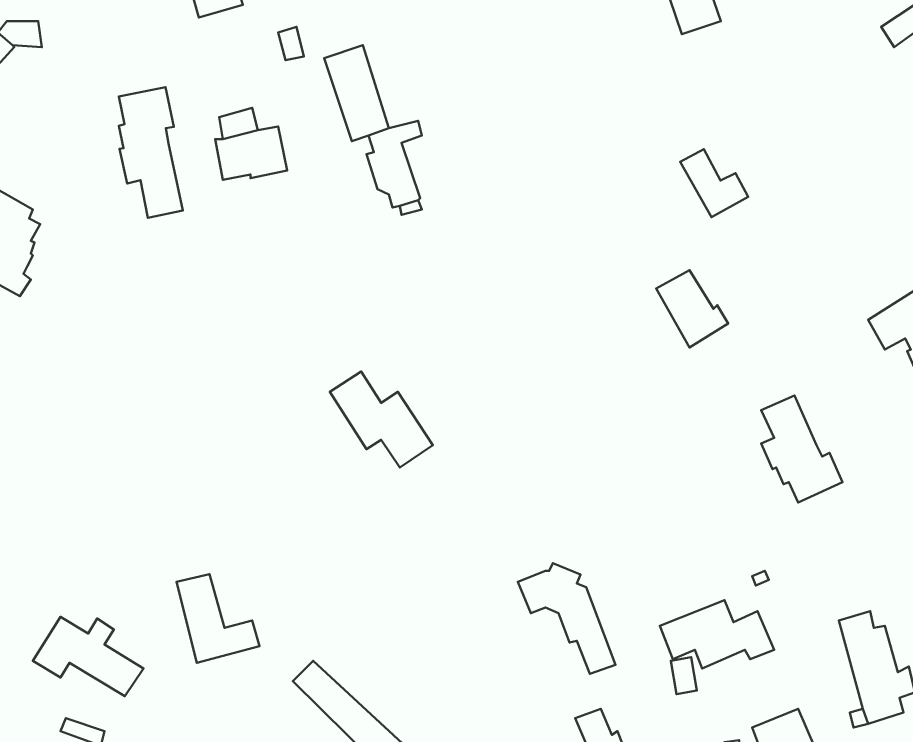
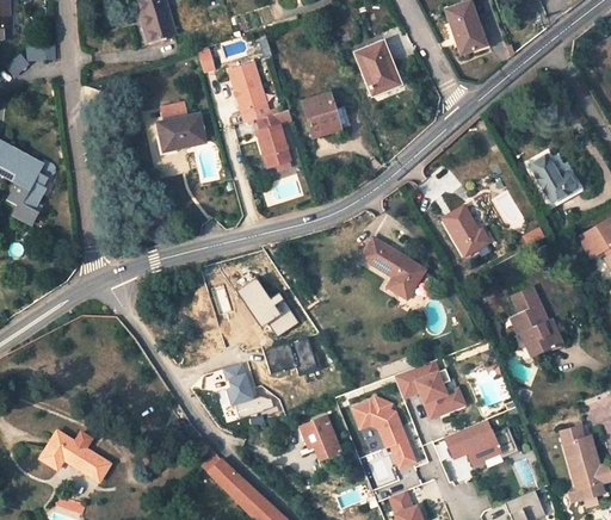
building: none -> [356,42,397,93]
building: [119,87,183,218] -> none
building: none -> [301,92,350,138]
building: [680,149,748,217] -> [531,157,575,202]
building: none -> [362,239,425,299]
building: none -> [264,336,317,373]
building: none -> [395,363,471,415]
building: [176,574,259,663] -> [226,363,279,420]
building: none -> [301,417,340,460]

